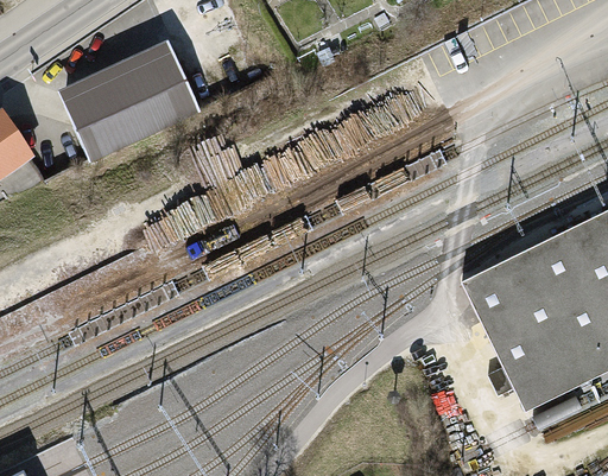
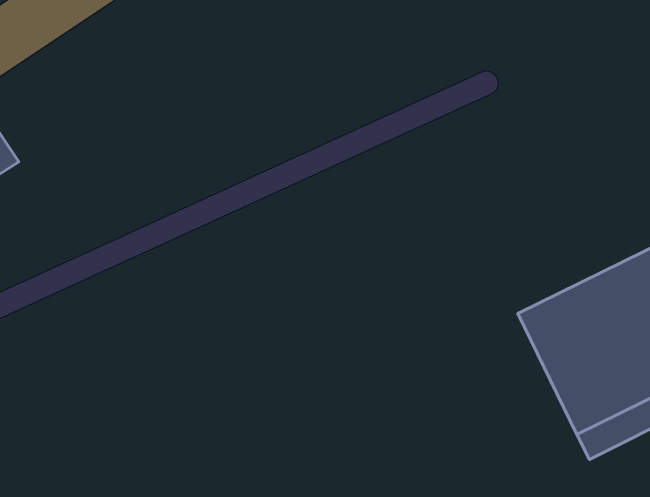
building: [58,51,195,163] -> none

